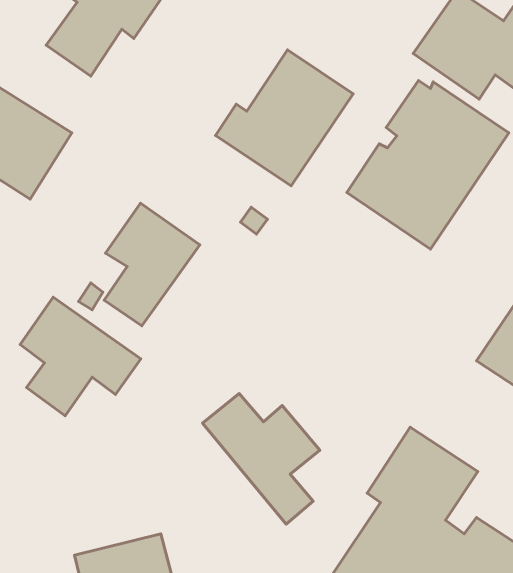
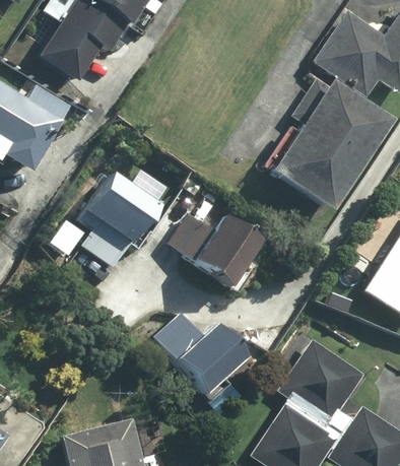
building: [216,50,353,186] -> none
building: none -> [173,215,262,284]
building: [20,297,141,416] -> none

